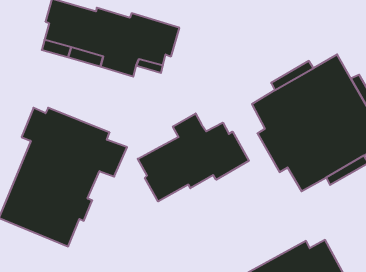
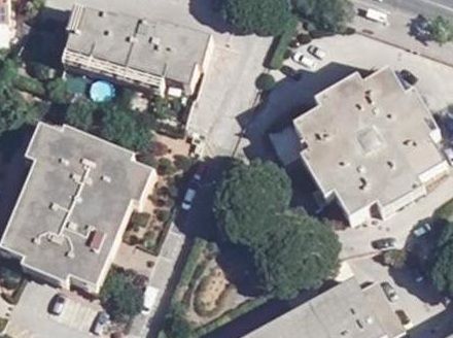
building: [138,113,249,201] -> none

